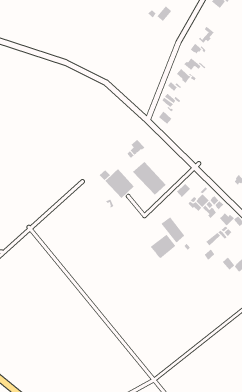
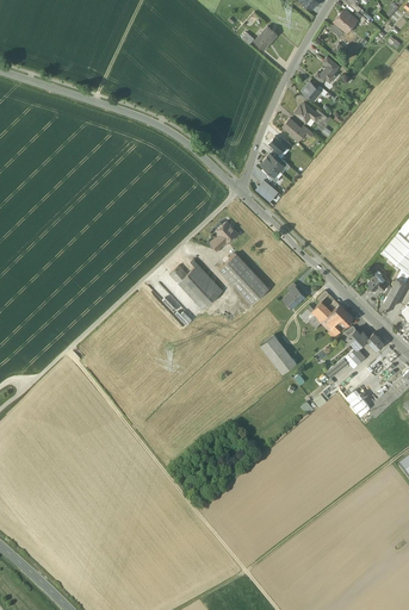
building: [150,234,176,259] -> none

